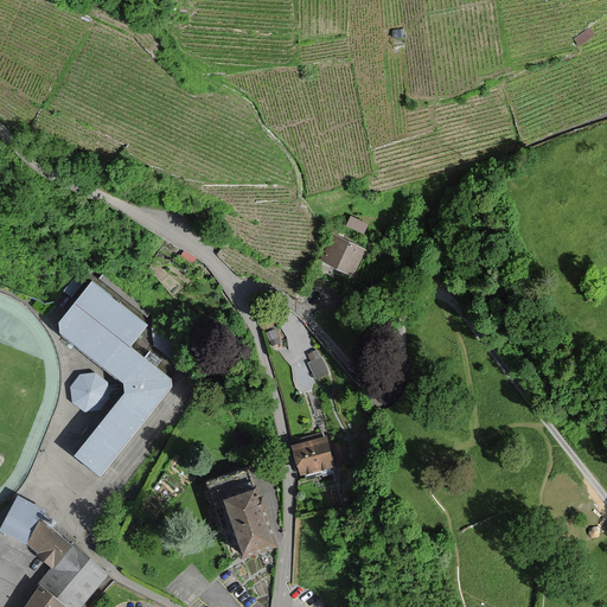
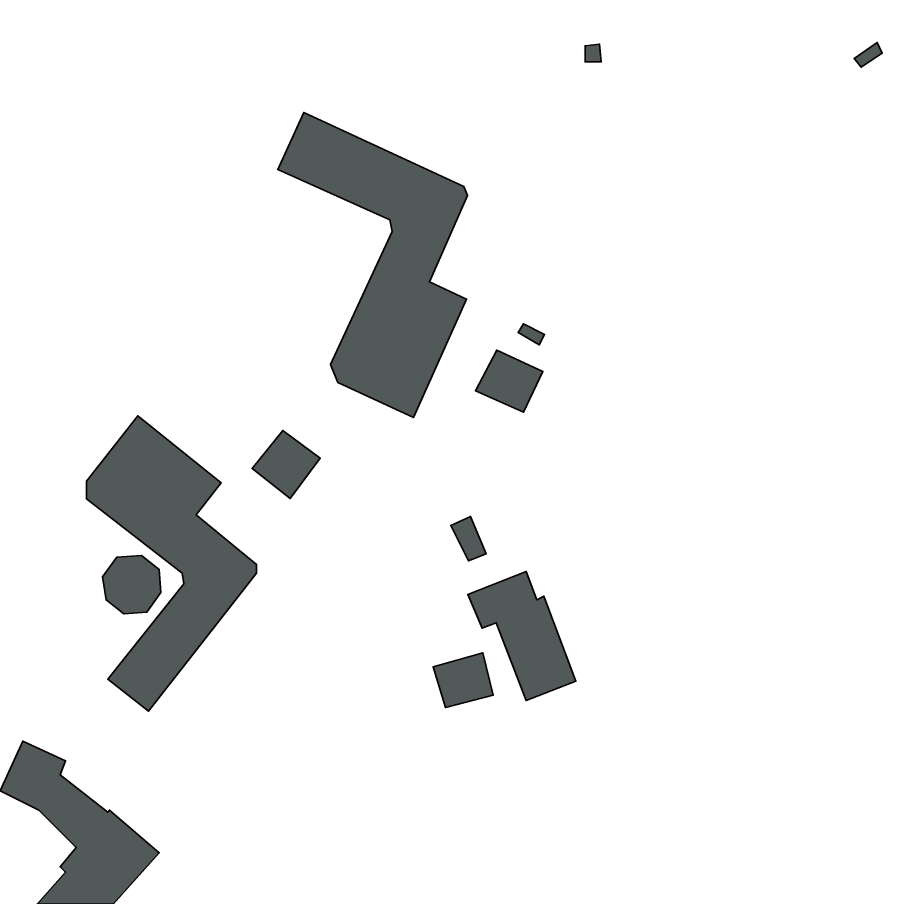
building: none -> [278,113,467,418]
building: none -> [252,431,320,498]
building: [205,471,277,557] -> [468,571,576,701]

